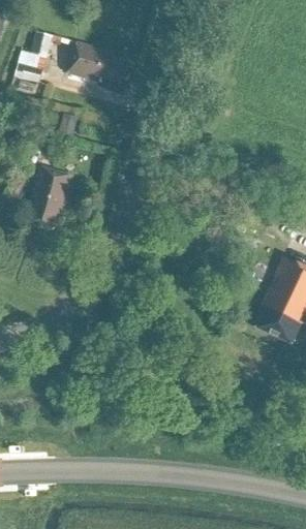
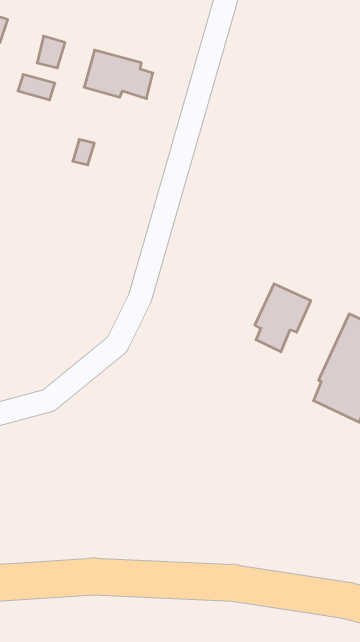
building: [33,166,72,223] -> none
building: none -> [255,284,311,352]

